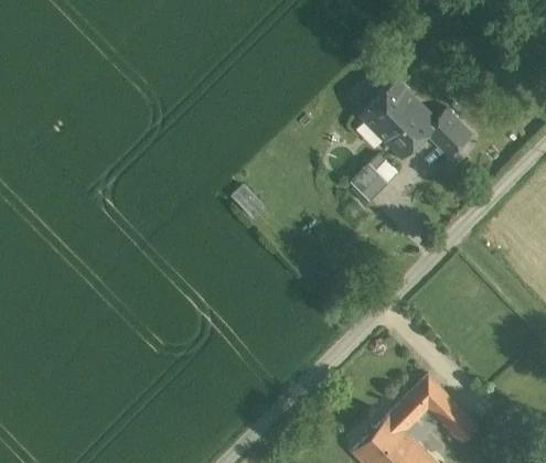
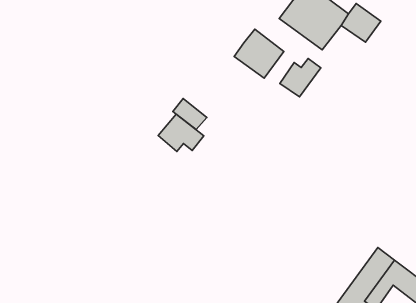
building: none -> [234,29,284,78]
building: none -> [158,114,204,152]

